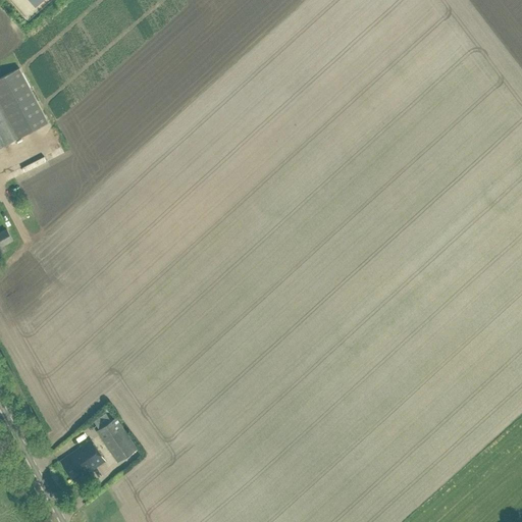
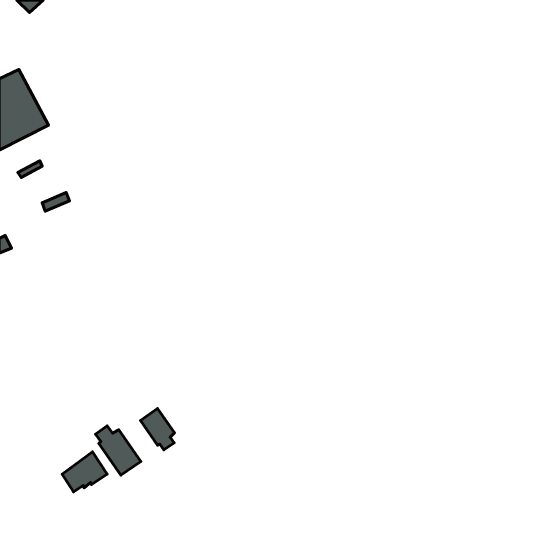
building: none -> [140,408,175,450]

